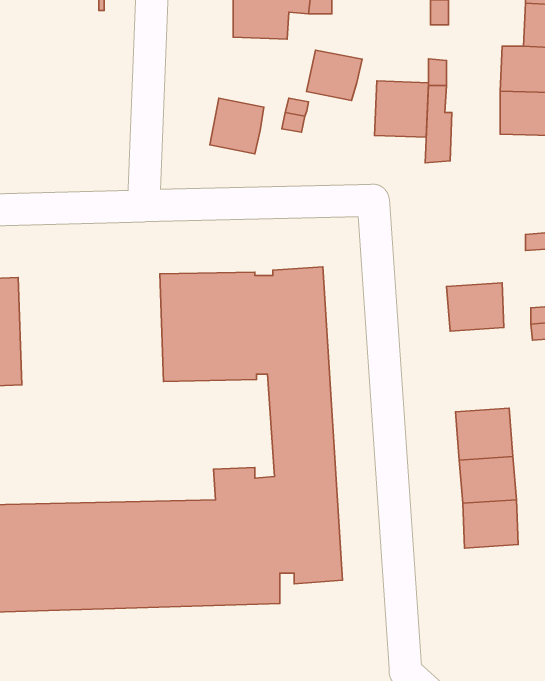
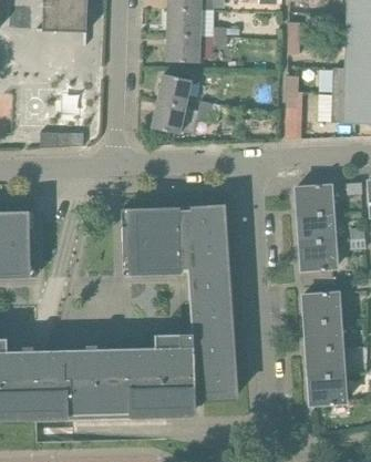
building: [307,50,362,100] -> [157,74,192,105]
building: [375,81,429,137] -> none
building: none -> [297,184,332,216]
building: none -> [300,242,336,271]
building: none -> [309,376,344,405]

